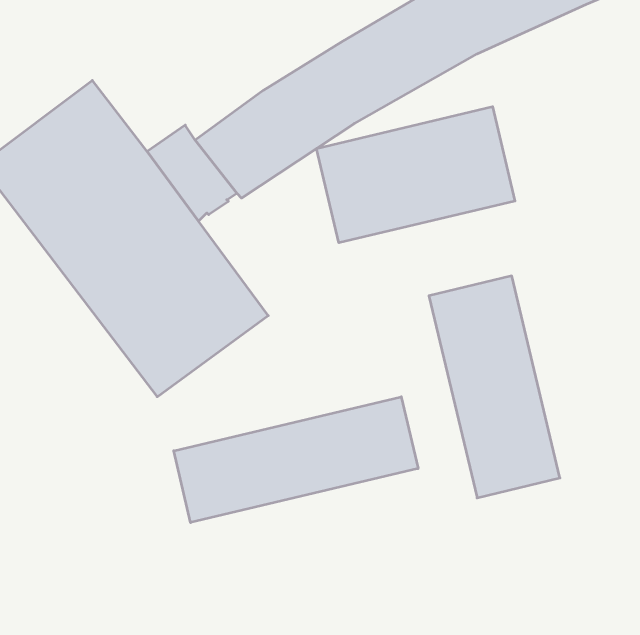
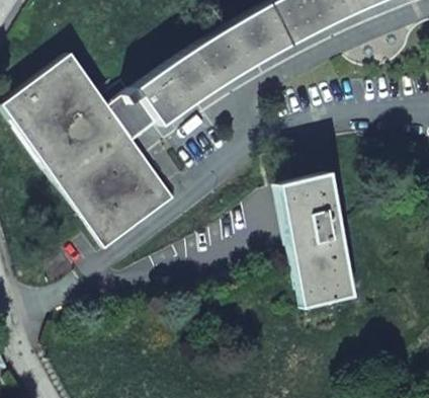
building: [317,107,515,243] -> none
building: [174,397,418,523] -> none

